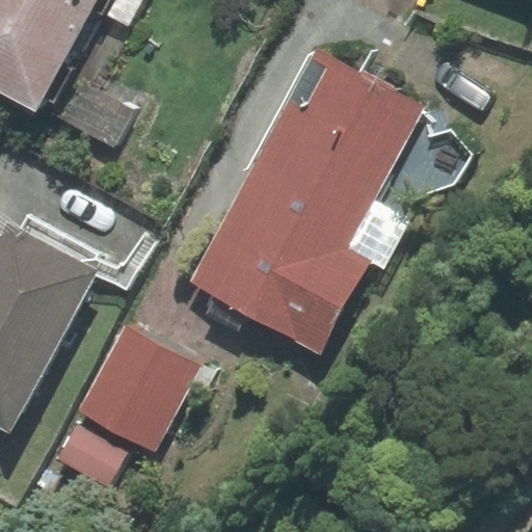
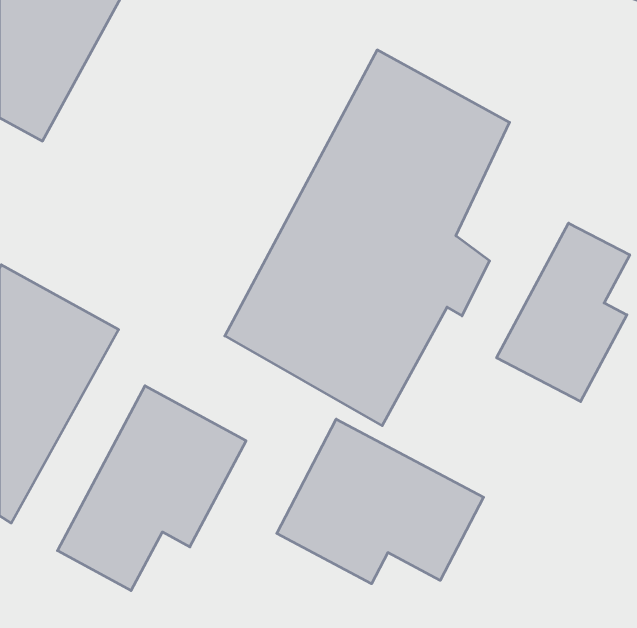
building: none -> [497,223,630,402]
building: none -> [277,419,484,584]

